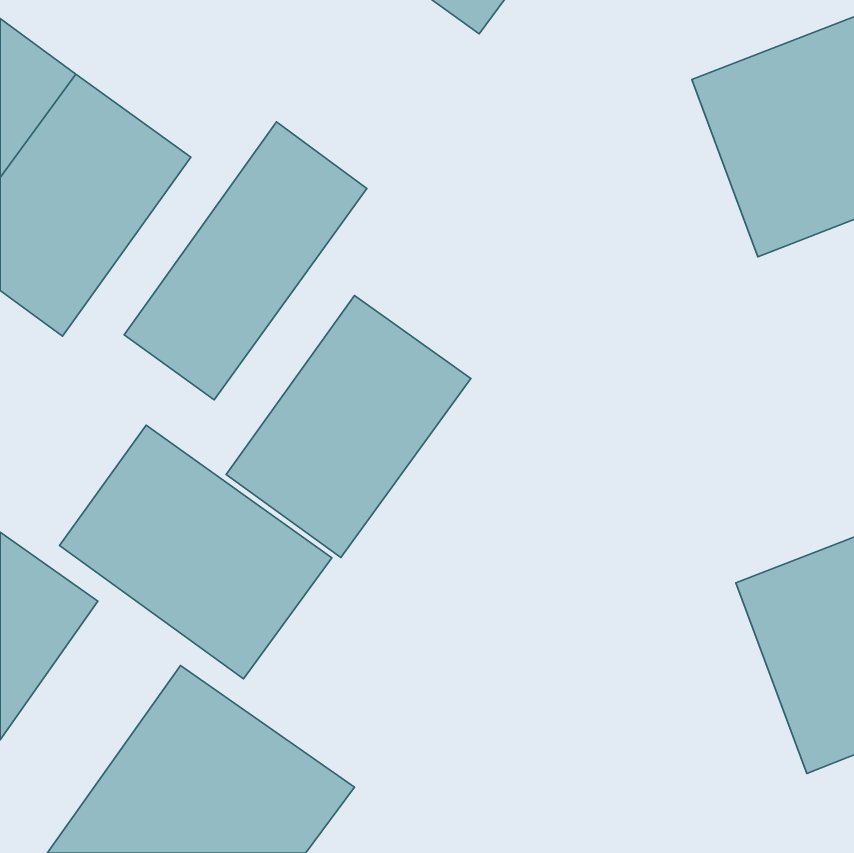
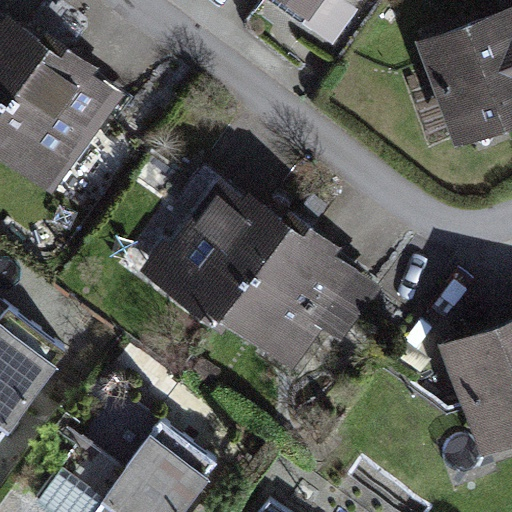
building: [124,122,367,400] -> none
building: none -> [207,224,379,379]
building: [59,425,332,679] -> none

